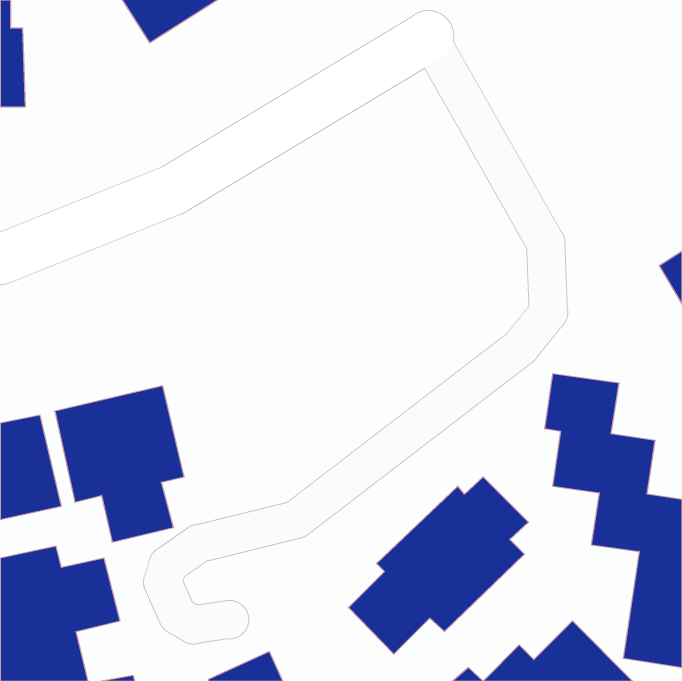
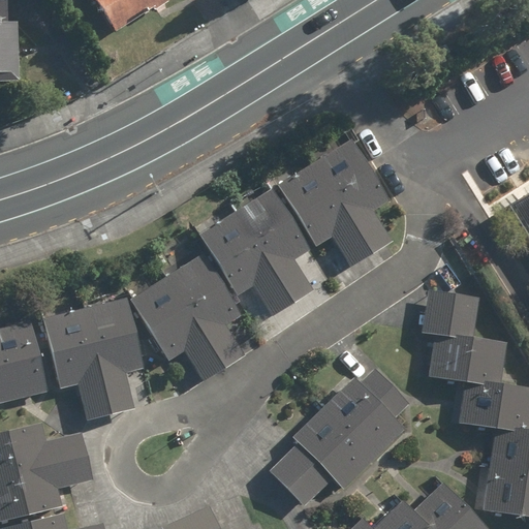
building: none -> [197,138,392,315]
building: none -> [130,252,245,381]

